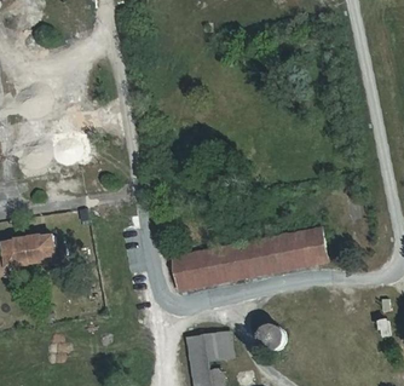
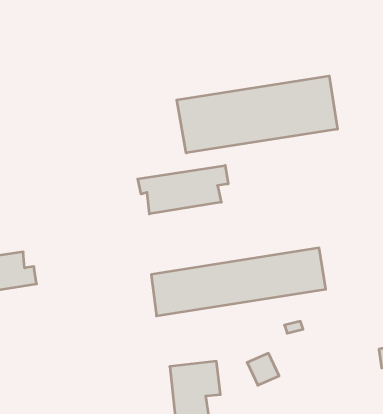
building: none -> [177,76,337,153]
building: none -> [138,165,228,214]

